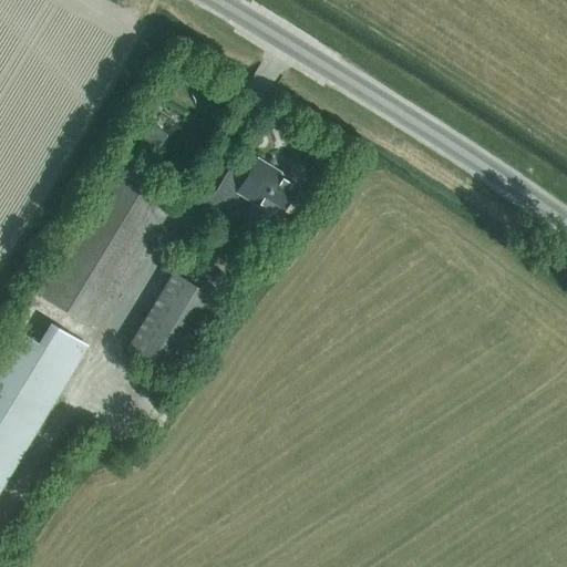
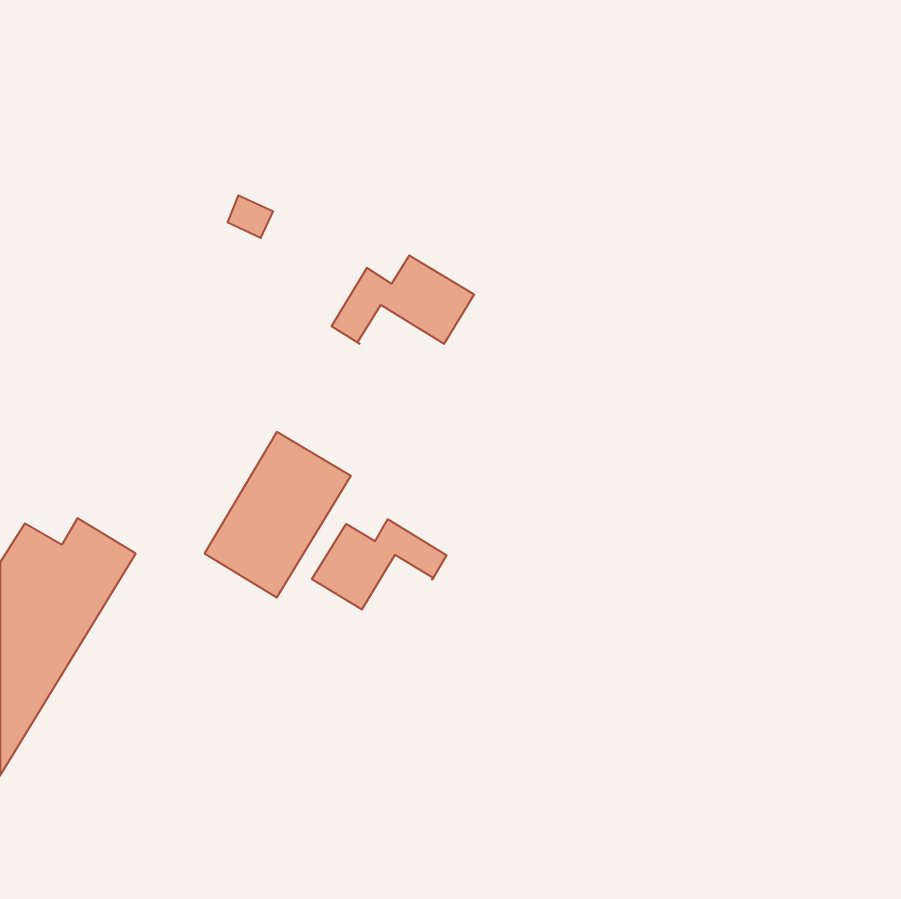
building: [38,174,169,330] -> none
building: none -> [312,519,447,610]

